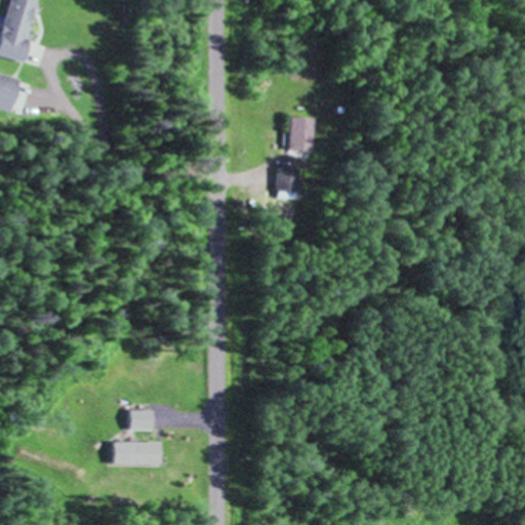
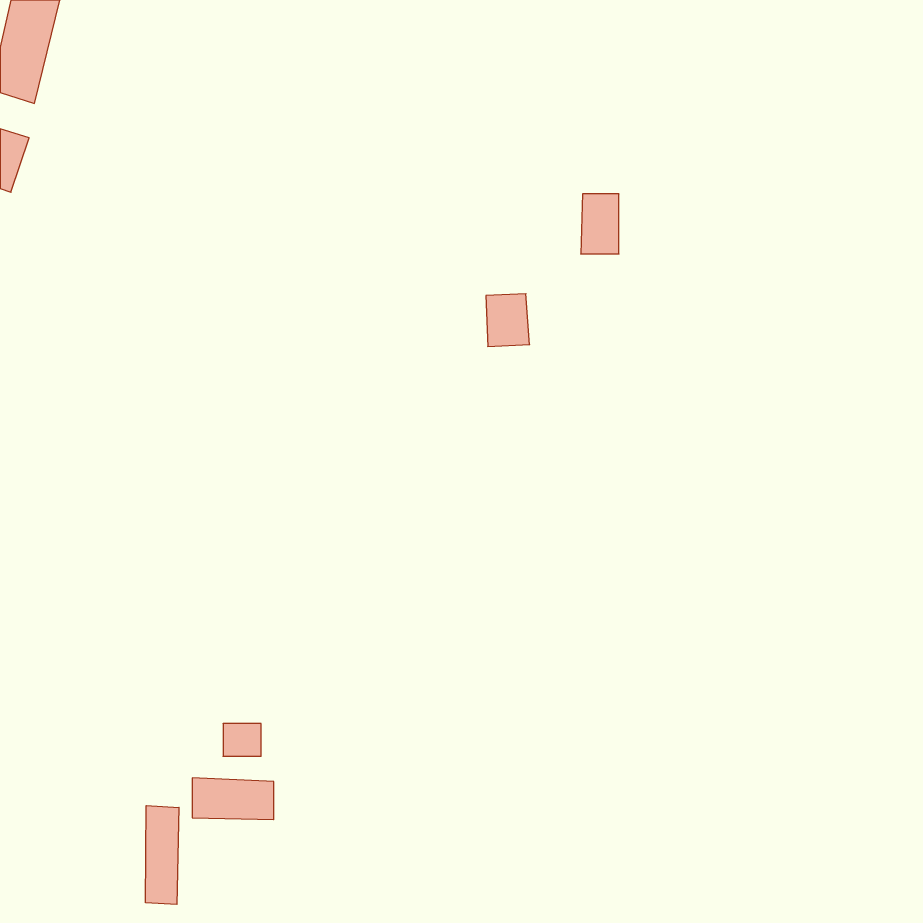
building: [288,117,310,151] -> [581,194,619,254]
building: none -> [146,806,179,904]

